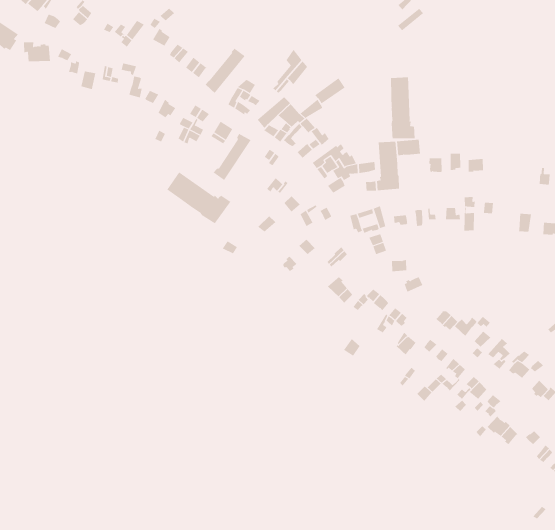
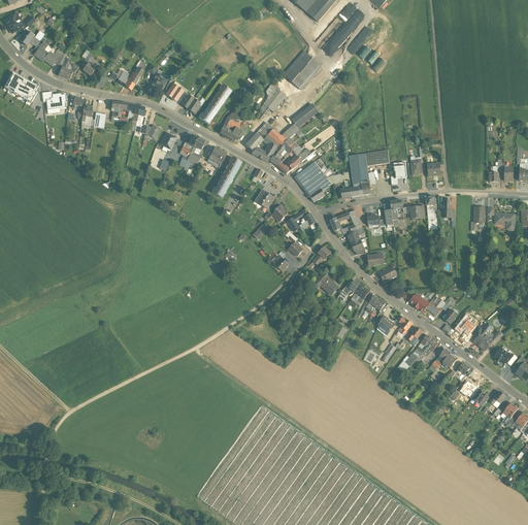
building: none -> [283,50,321,89]
building: [390,77,415,139] -> none
building: [167,172,231,224] -> none

